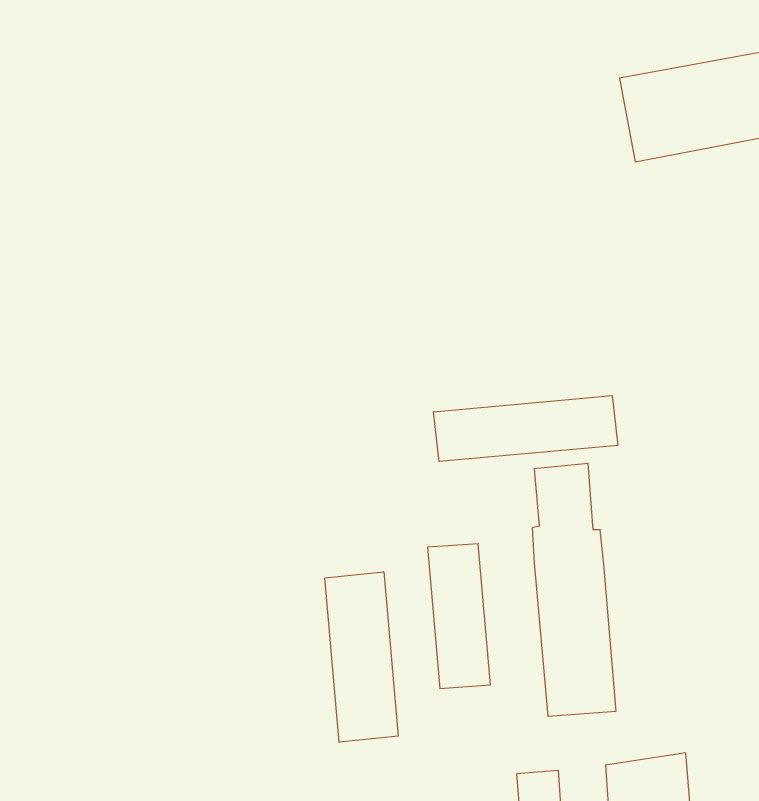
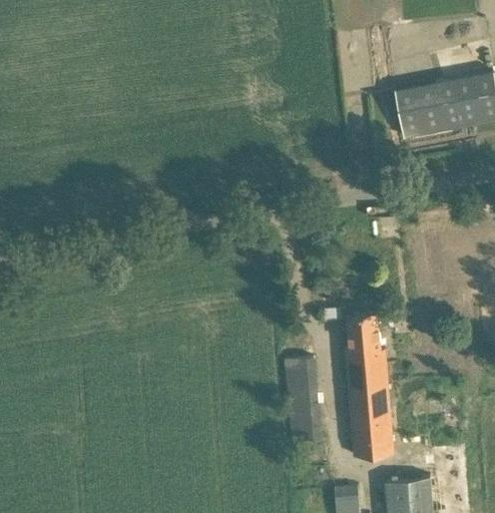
building: [433,396,618,462] -> none
building: [325,572,398,742] -> none

